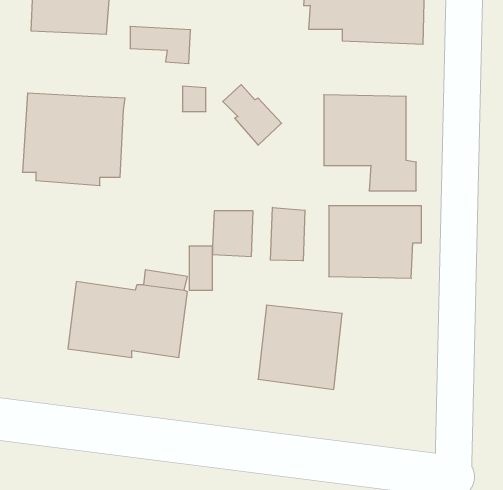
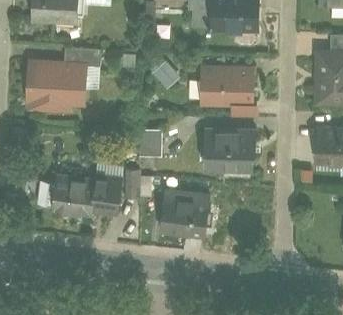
building: [130,26,191,64] -> [63,50,99,72]
building: [271,207,305,261] -> none

